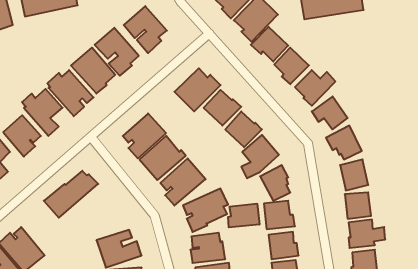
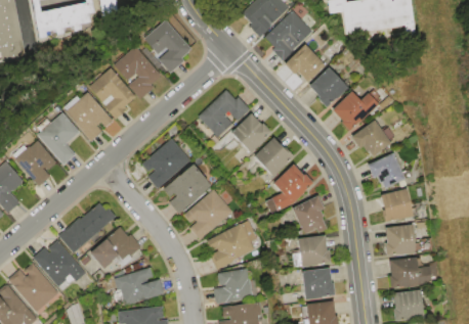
building: none -> [90,225,145,268]
building: [228,204,259,227] -> none
building: none -> [34,239,88,285]

